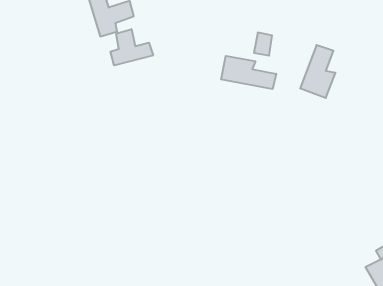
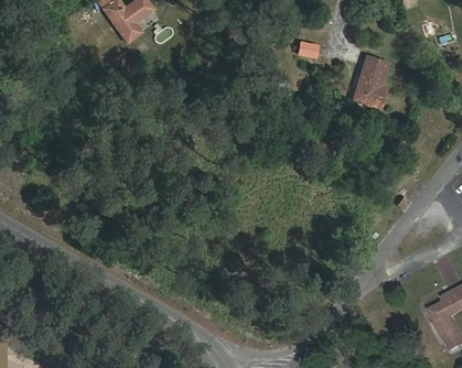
building: [110,29,153,65] -> none
building: [221,56,276,89] -> none

